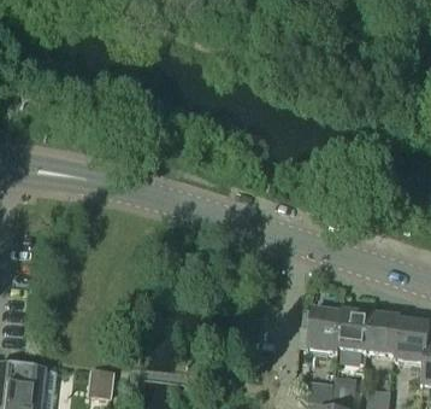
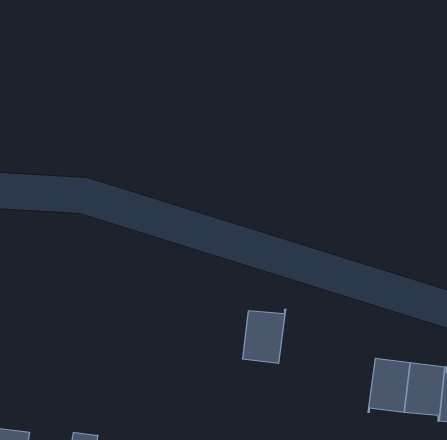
building: [306,306,342,351] -> [242,309,286,363]

